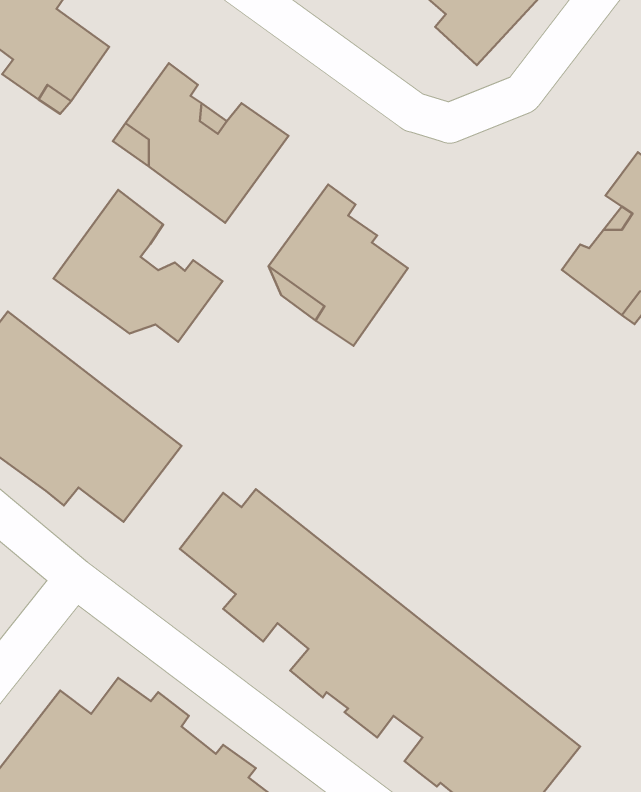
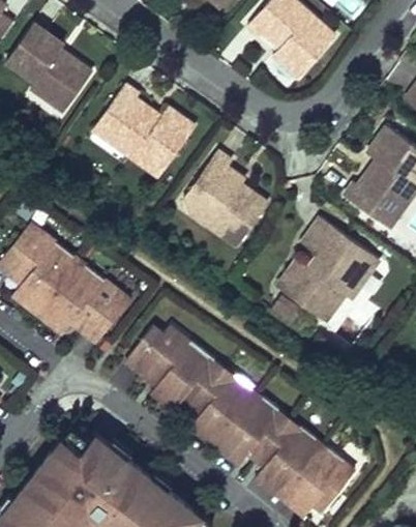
building: [53,190,223,342] -> none
building: none -> [279,223,380,324]

